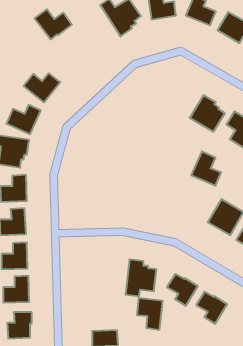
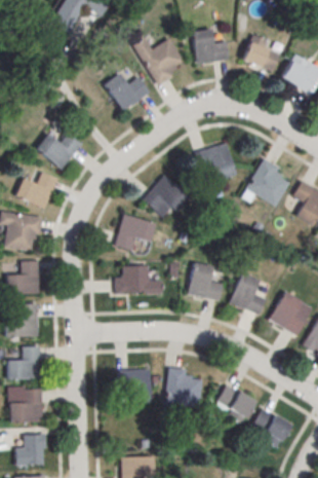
building: [35,9,72,39] -> [103,72,150,110]
building: none -> [195,142,236,180]
building: none -> [144,175,189,217]
building: none -> [116,214,156,250]
building: [191,151,221,186] -> [229,271,267,315]
building: none -> [188,261,224,299]
building: none -> [116,265,163,293]
building: none -> [117,369,151,402]
building: [137,298,163,330] -> none

